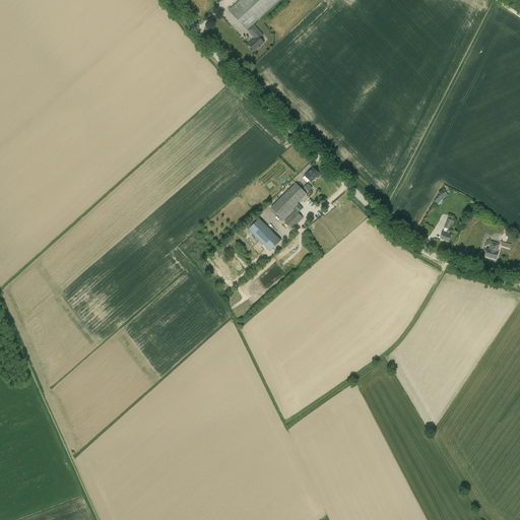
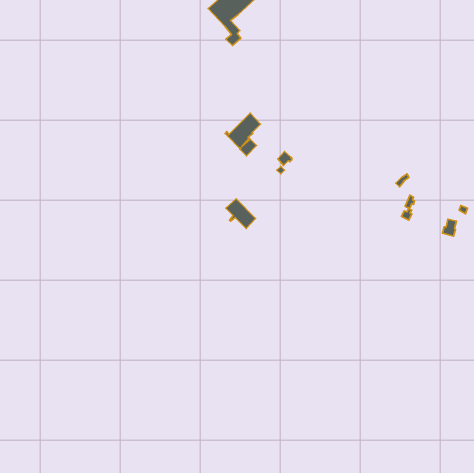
building: [267,181,306,228] -> [225,113,260,156]

